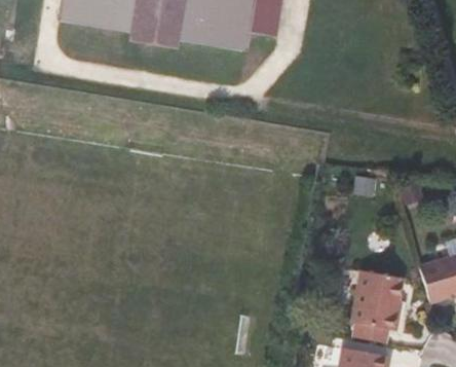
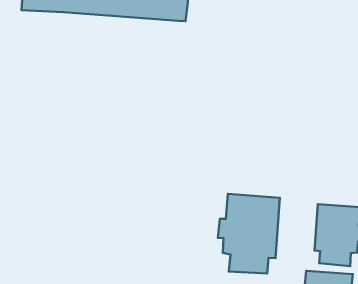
building: none -> [218,194,280,273]

